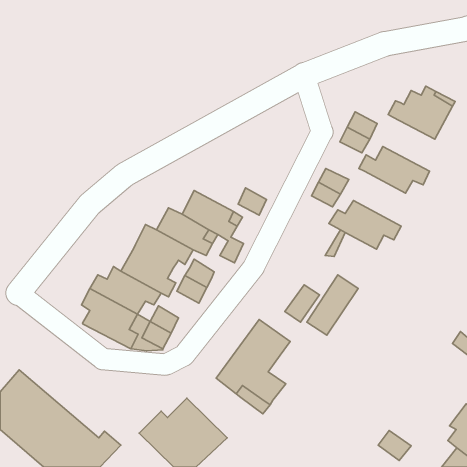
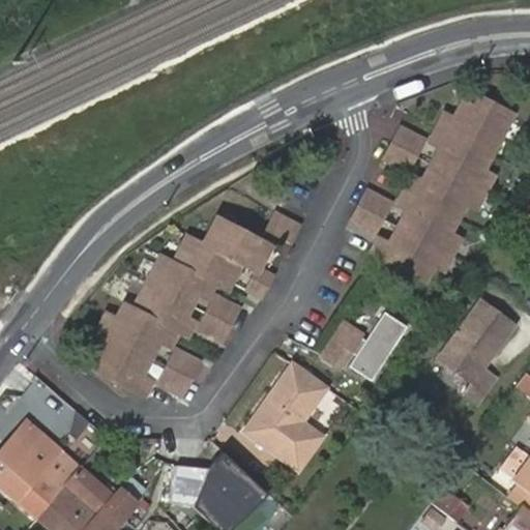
building: none -> [432,129,495,194]
building: none -> [399,190,464,256]
building: none -> [439,300,513,403]

